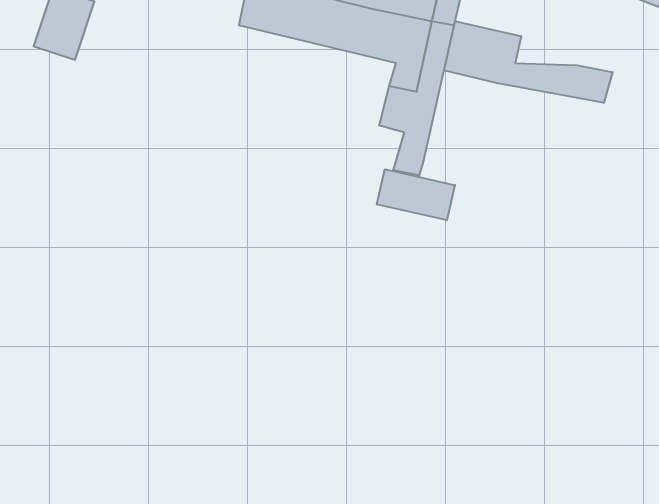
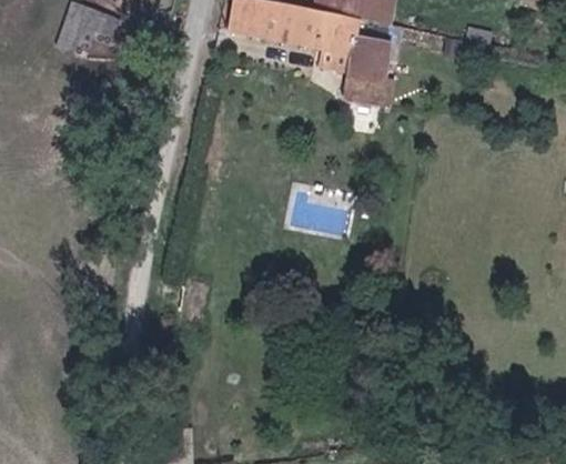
building: [444,21,613,103] -> none
building: [377,169,455,220] -> none

